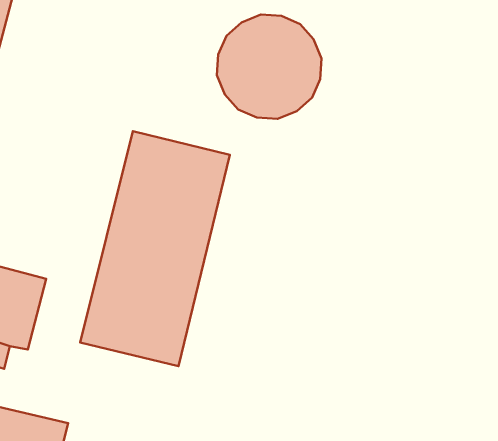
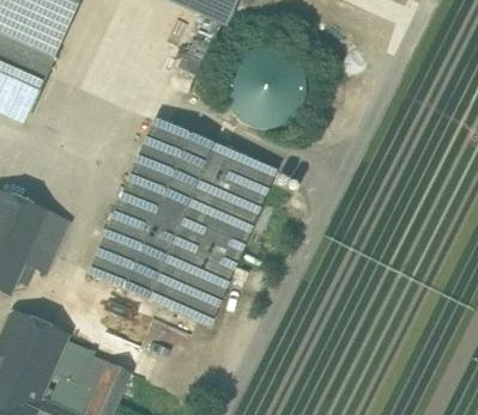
building: none -> [159,148,274,324]

